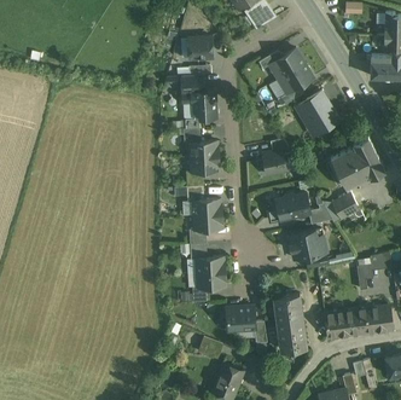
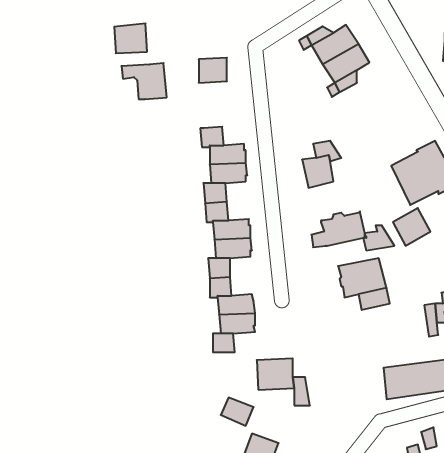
building: [187,36,213,59] -> [114,24,147,53]
building: [295,88,343,137] -> none
building: [181,92,216,120] -> [121,63,167,99]
building: [274,295,306,350] -> none

